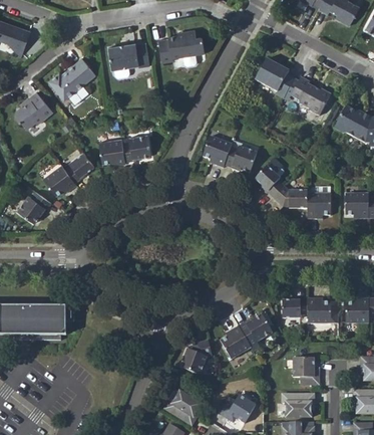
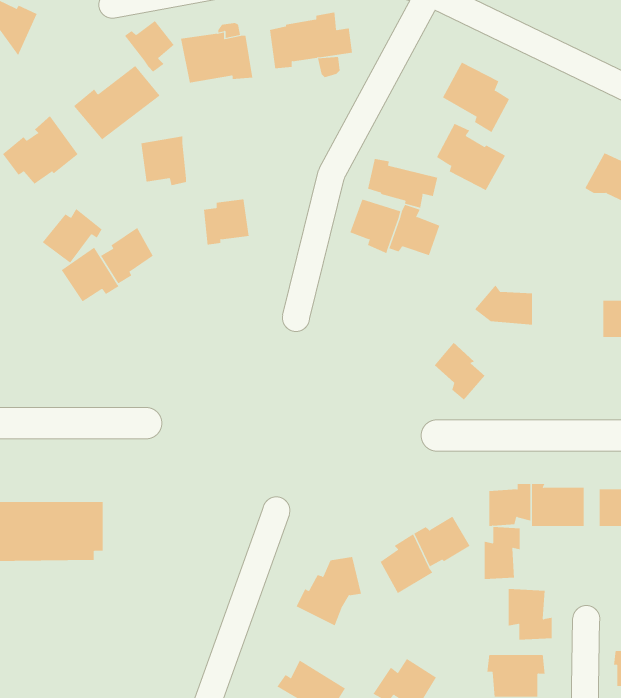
building: none -> [124,20,174,73]
building: [292,75,331,114] -> [436,123,506,191]
building: none -> [368,158,438,209]
building: [98,138,124,166] -> [141,136,187,186]
building: [258,165,287,198] -> [434,342,486,401]
building: [17,190,51,221] -> [42,208,103,263]
building: [308,192,332,215] -> none
building: none -> [484,526,520,580]

